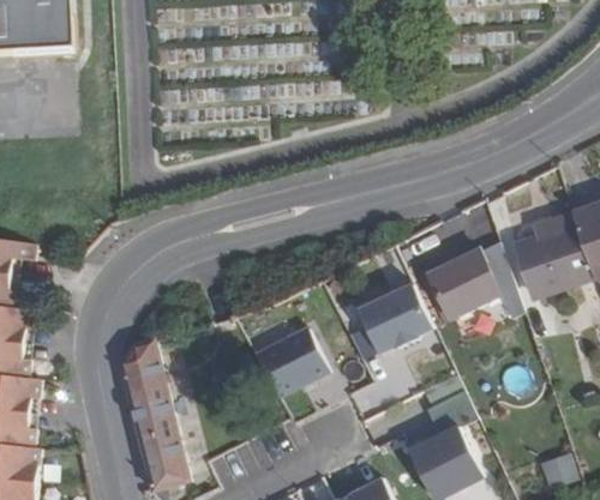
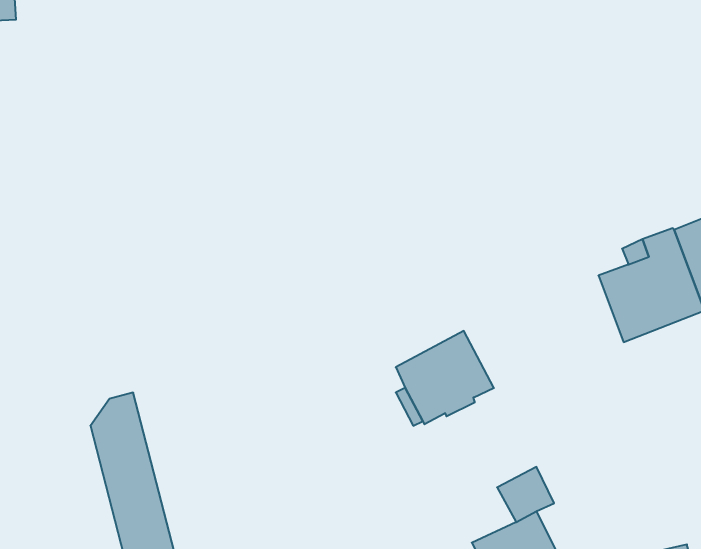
building: [420,246,517,323] -> none
building: [256,327,329,396] -> none

